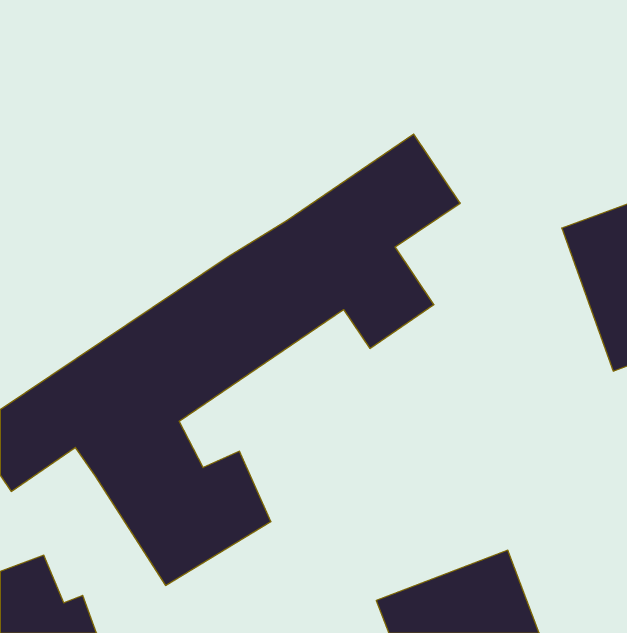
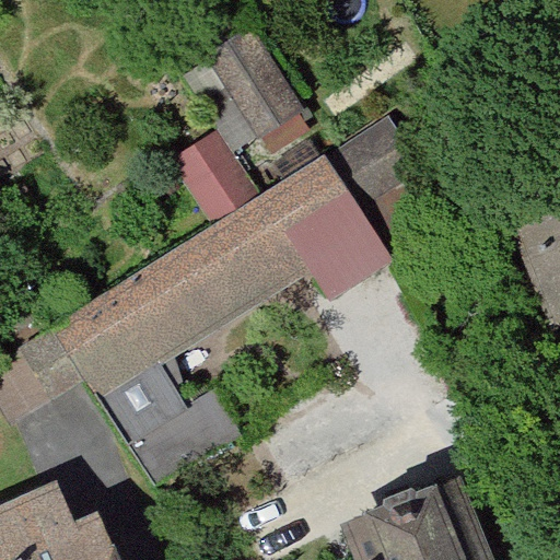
building: none -> [212,33,307,142]
building: none -> [176,136,262,224]

